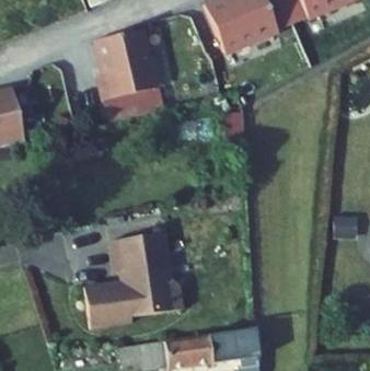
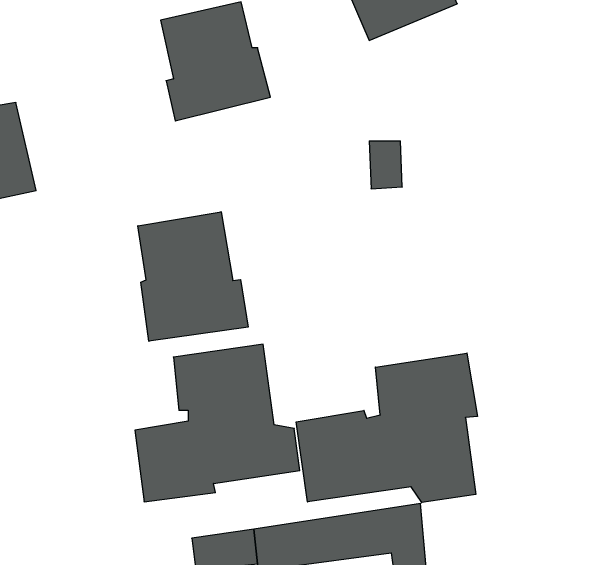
building: none -> [138,212,248,341]
building: none -> [296,353,477,503]

